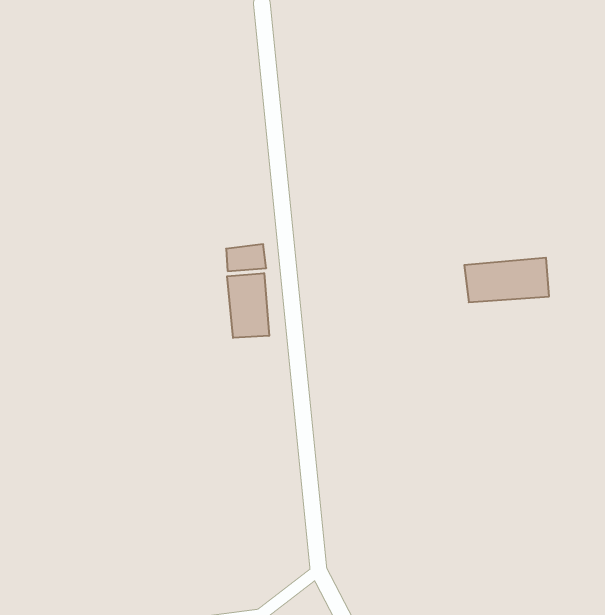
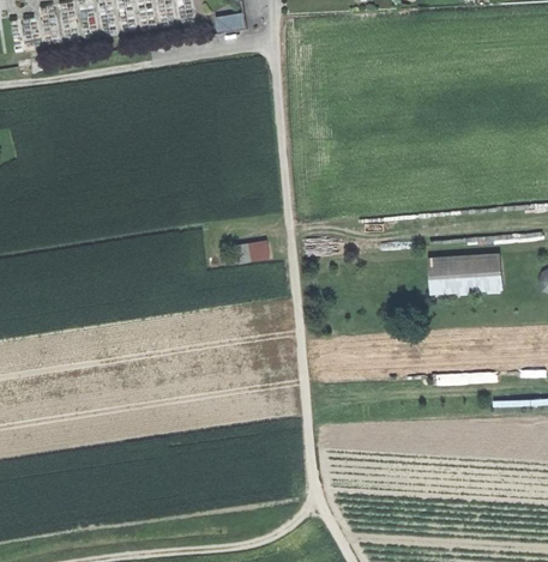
building: [227,273,269,338] -> none

